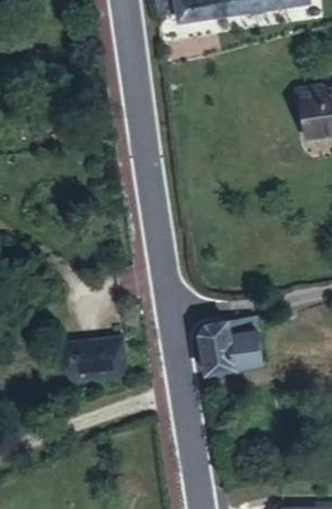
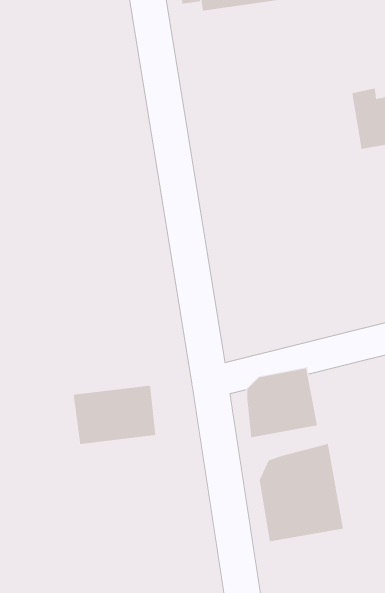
building: none -> [259,443,344,542]

